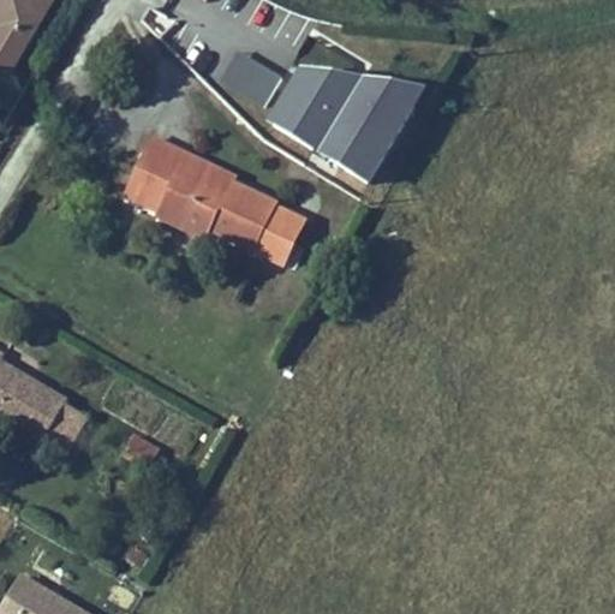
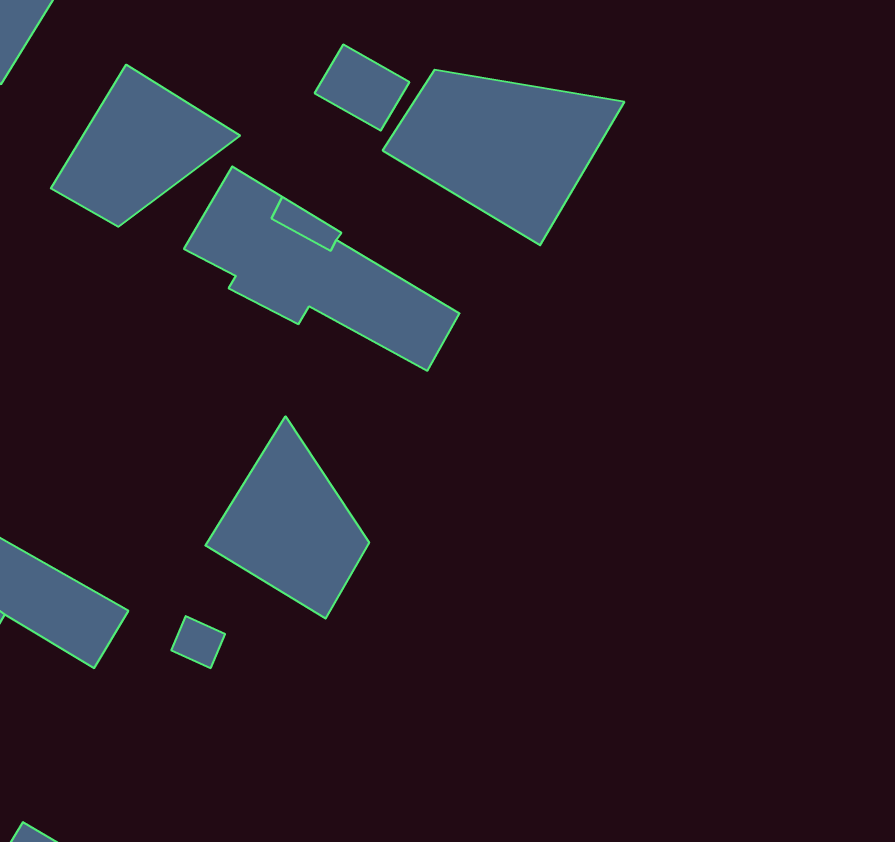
building: none -> [51,65,240,227]
building: none -> [205,416,369,619]

